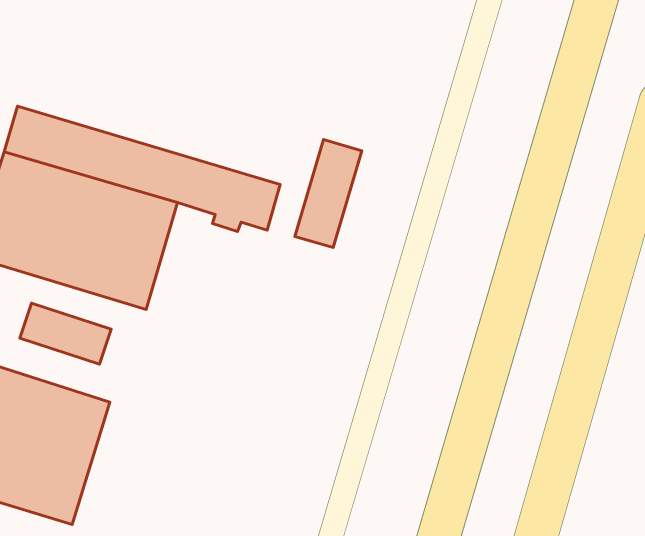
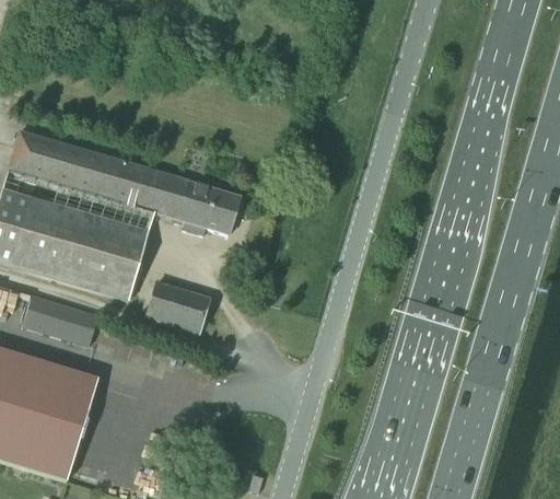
building: [295,140,362,247] -> none
building: none -> [144,281,209,334]

